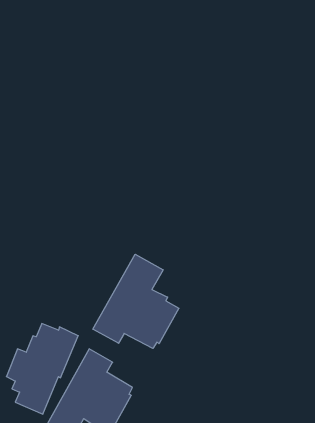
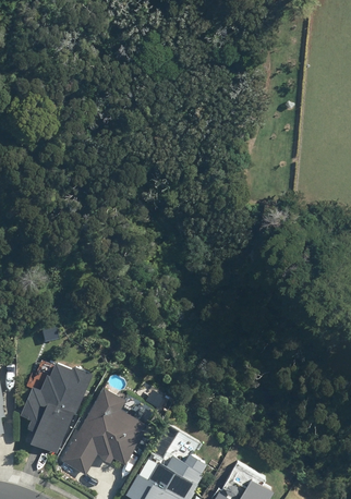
building: [93,254,179,348] -> none

